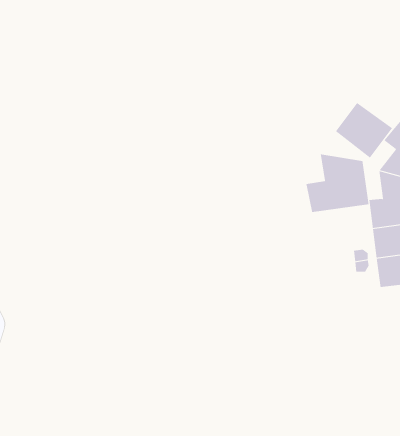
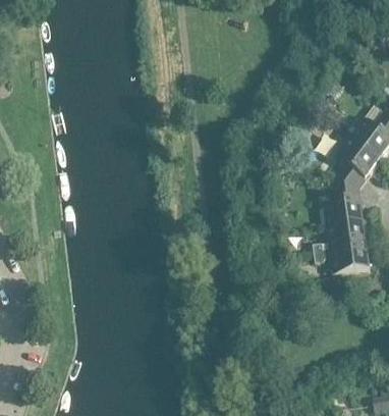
building: [335,102,393,158] -> none
building: [306,153,369,213] -> none

